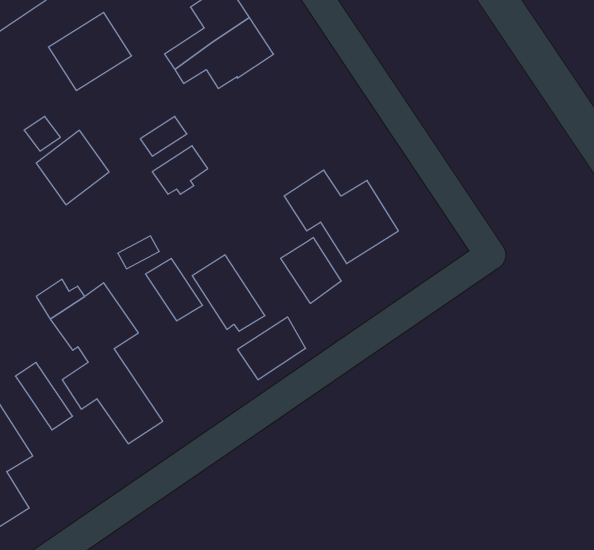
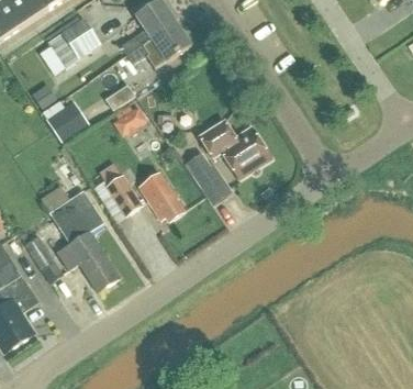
building: [238,317,306,380] -> none

